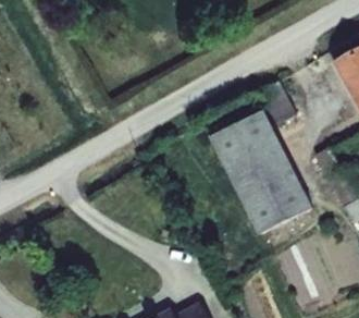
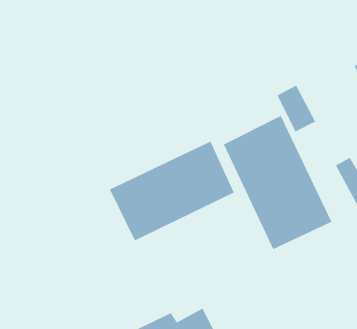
building: none -> [109,140,235,241]

